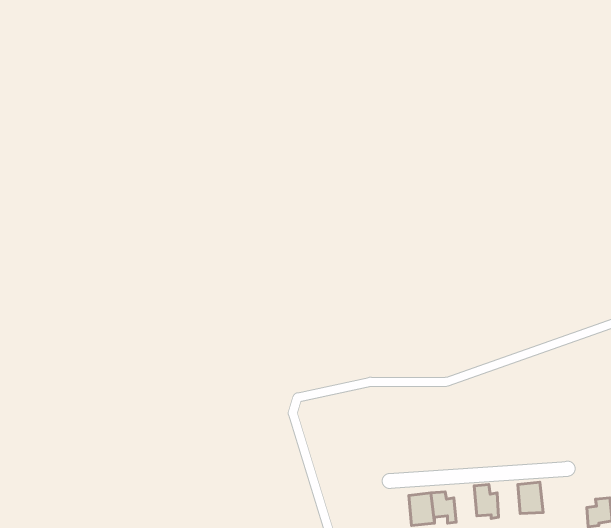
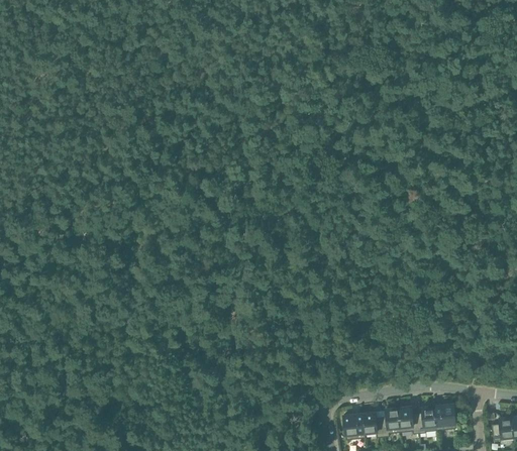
building: none -> [418,406,437,433]
building: none -> [382,407,401,437]

